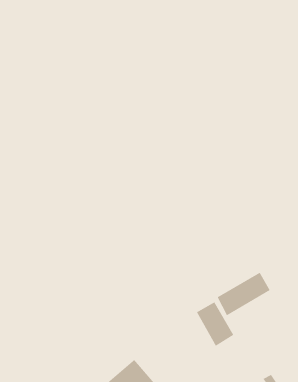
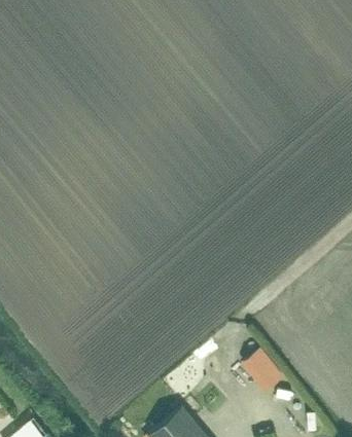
building: [217,272,271,316] -> none

